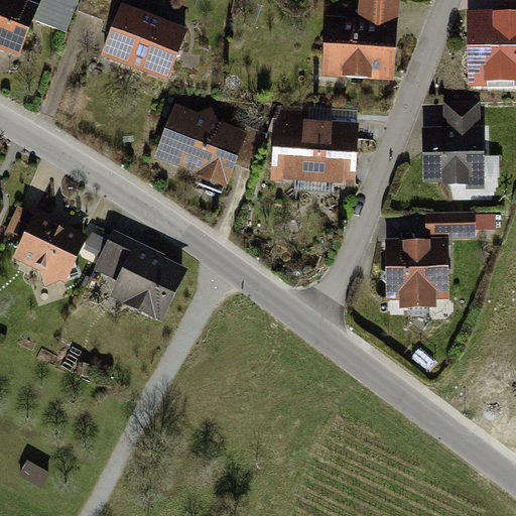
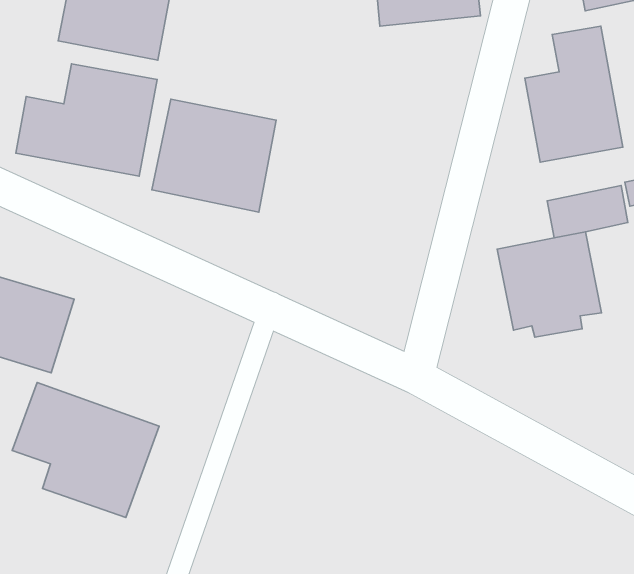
building: none -> [16,64,157,176]
building: [274,105,354,184] -> none
building: [91,223,195,325] -> [12,382,159,517]

